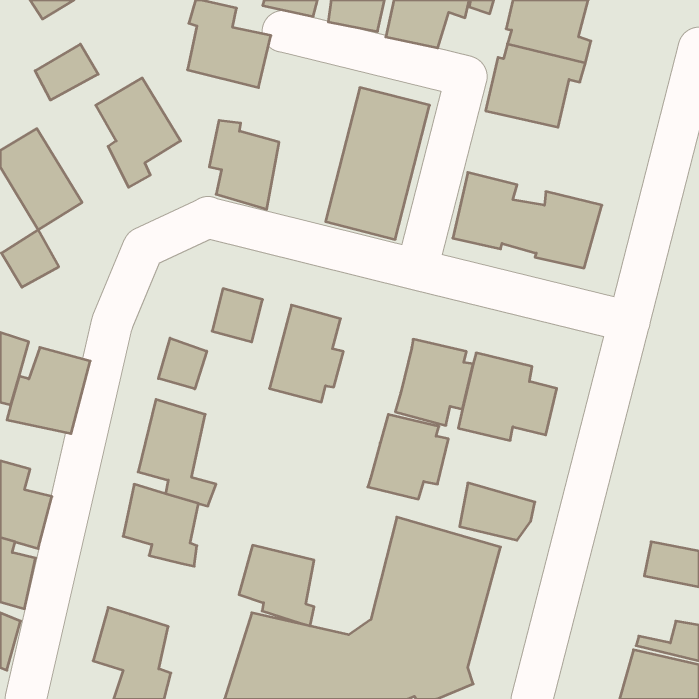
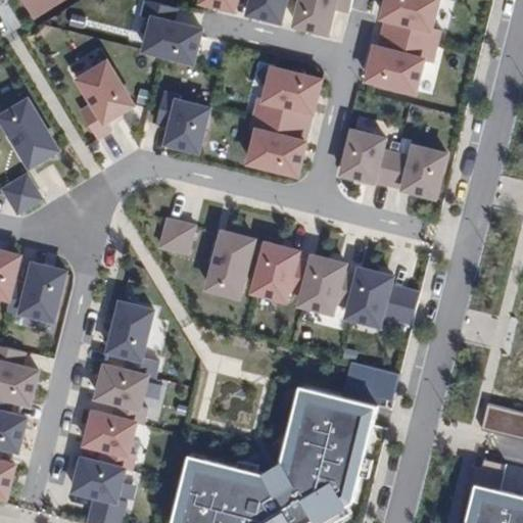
building: [35,44,98,100] -> none
building: [158,338,207,389] -> none
building: [368,414,448,499] -> [247,241,307,304]
building: [239,545,314,626] -> [80,410,136,470]

